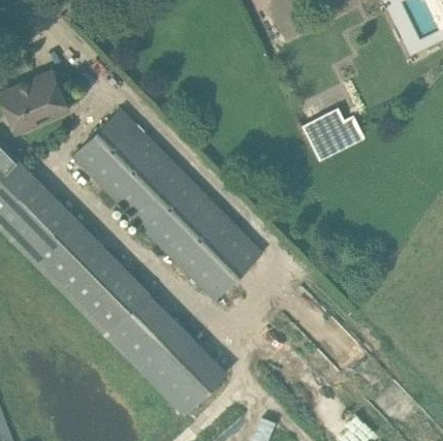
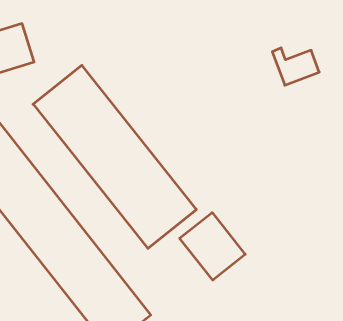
building: [302,120,355,161] -> [272,48,319,85]
building: none -> [180,213,245,280]

